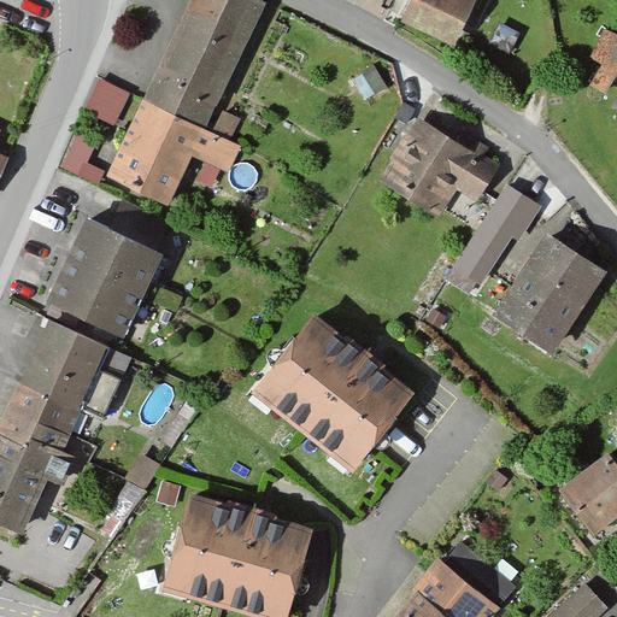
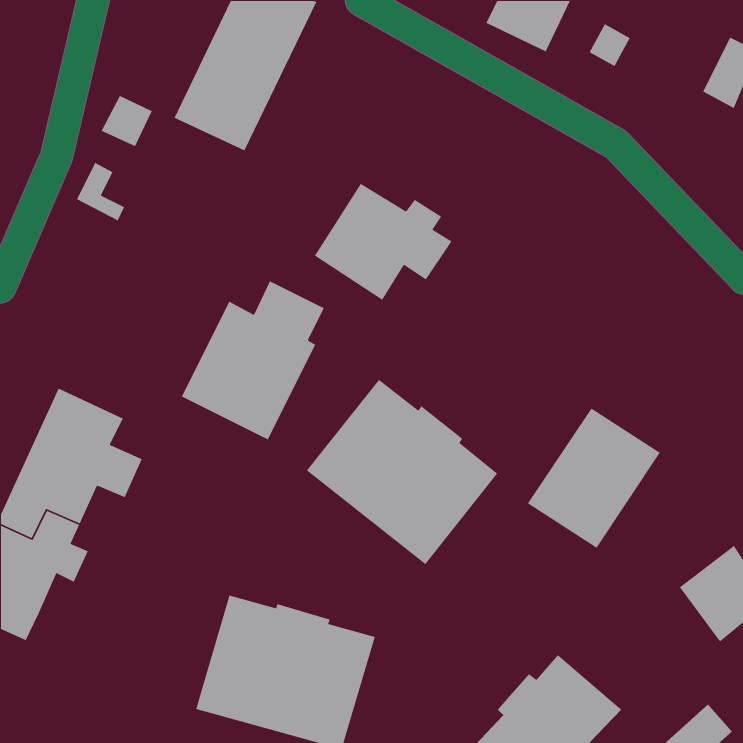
building: [108,99,241,204] -> none
building: [382,119,496,217] -> [314,183,452,301]
building: [446,187,539,293] -> none
building: [49,201,169,334] -> [181,280,325,441]
building: [495,234,606,351] -> [527,407,661,549]

